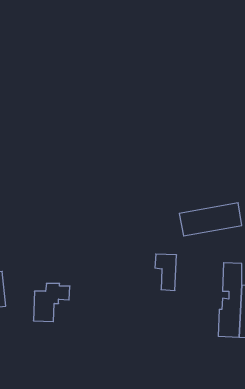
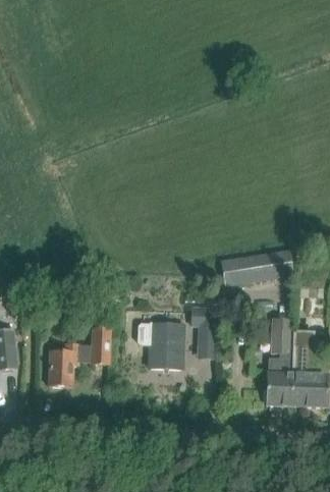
building: none -> [138,323,184,371]
building: none -> [91,330,110,365]

